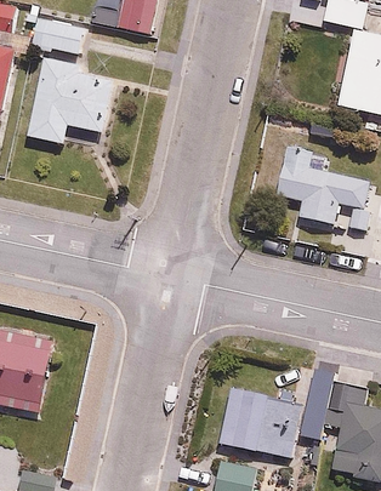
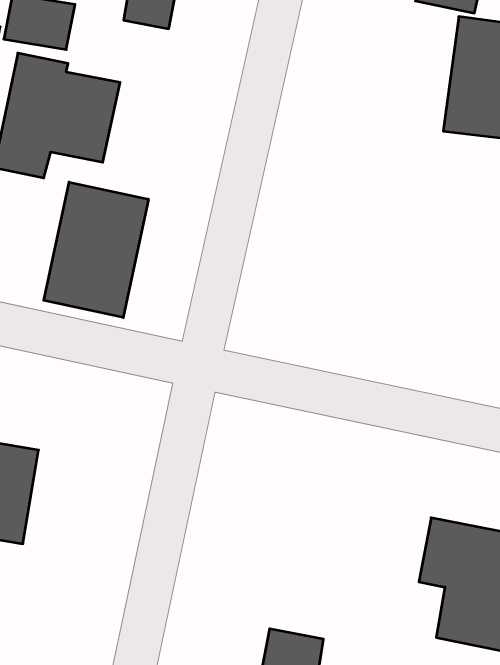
building: [277,143,370,224] -> none
building: none -> [44,182,148,318]
building: [220,388,302,456] -> none

